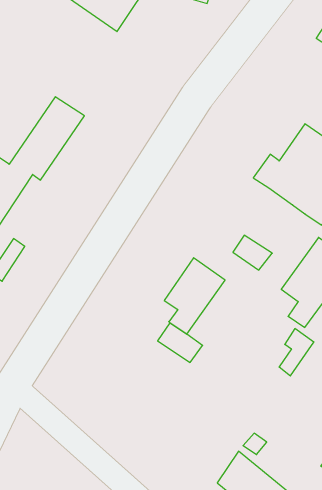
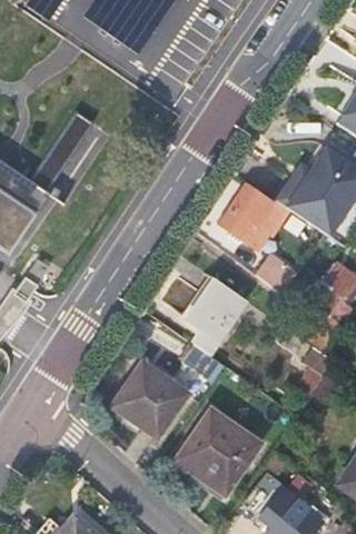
building: none -> [218,180,290,246]
building: none -> [112,360,186,435]
building: none -> [176,407,259,491]

